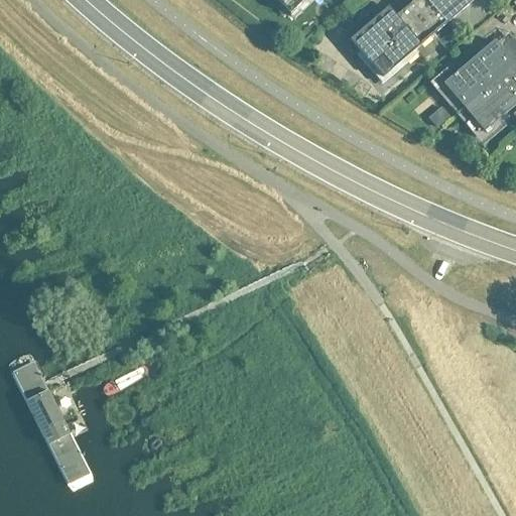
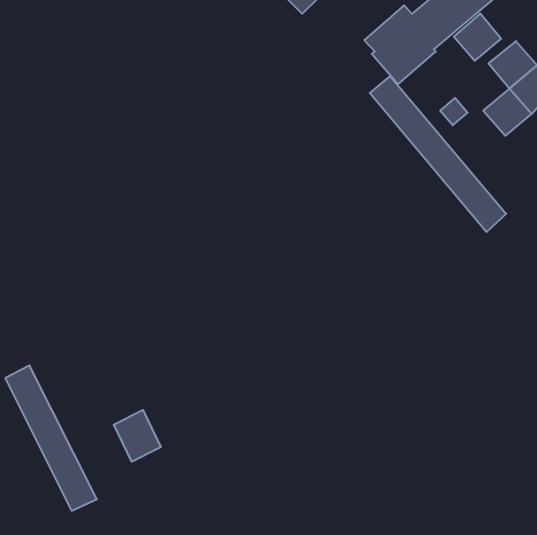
building: [443,60,489,106] -> [454,13,501,61]
building: none -> [370,76,506,232]
building: none -> [114,410,161,462]

